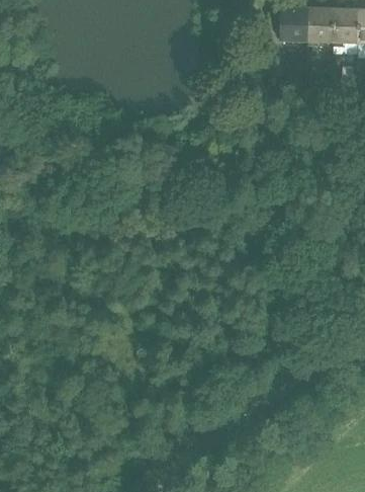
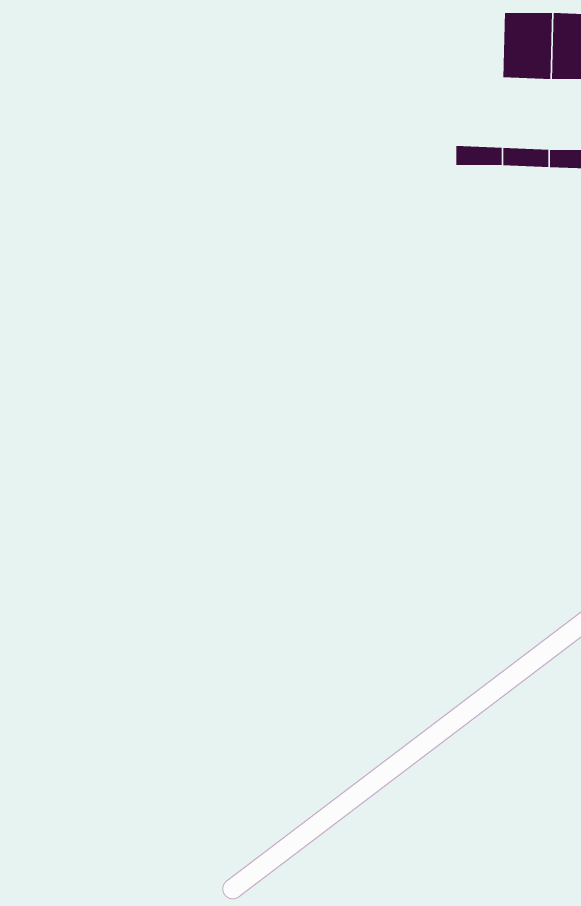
building: [281,6,308,43] -> none

